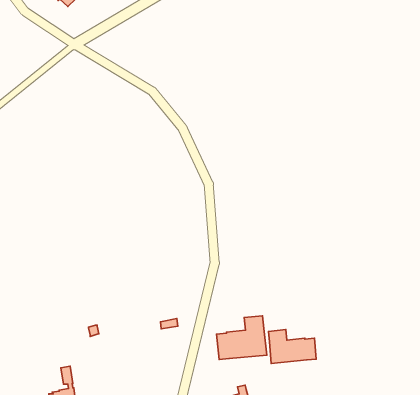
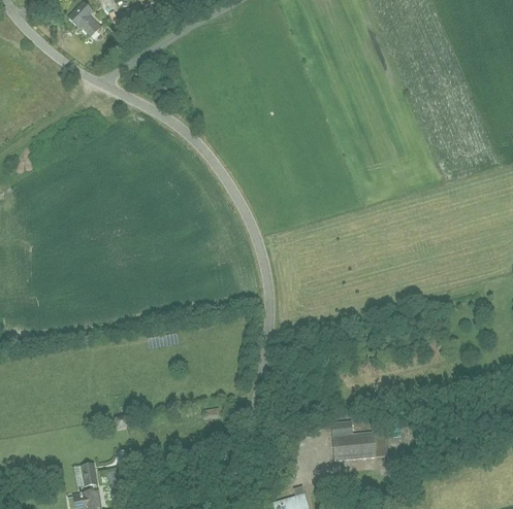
building: [216,316,267,360] -> none

